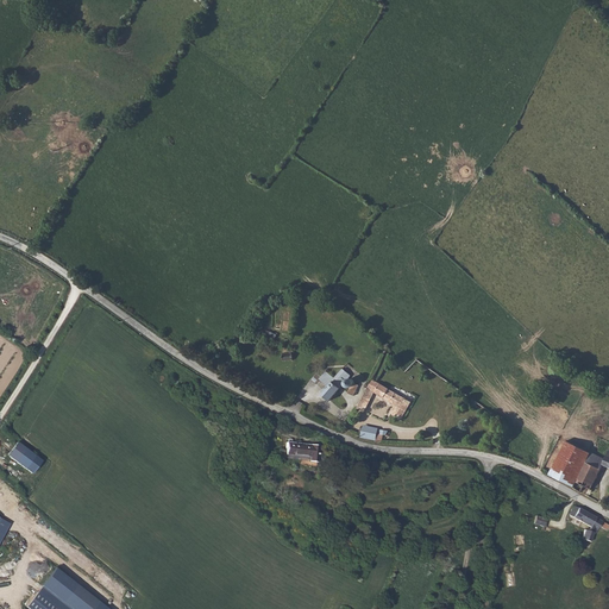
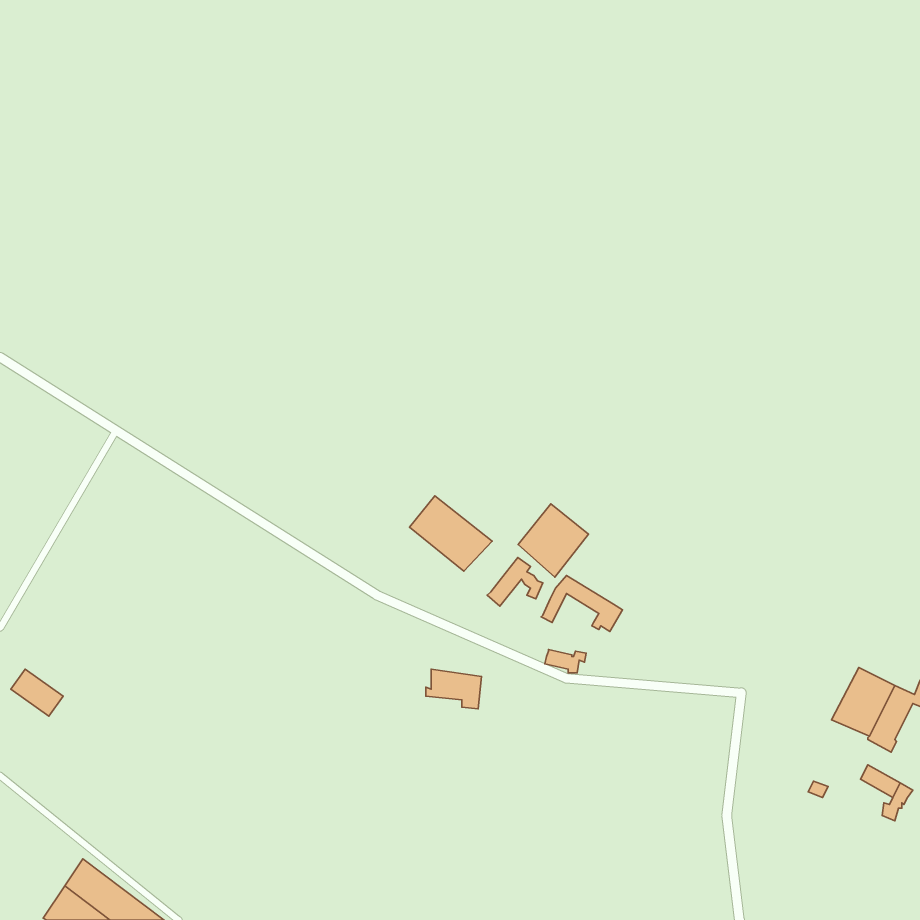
building: none -> [410,496,492,571]
building: none -> [518,504,589,577]

